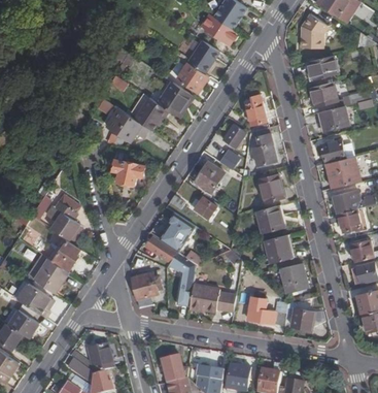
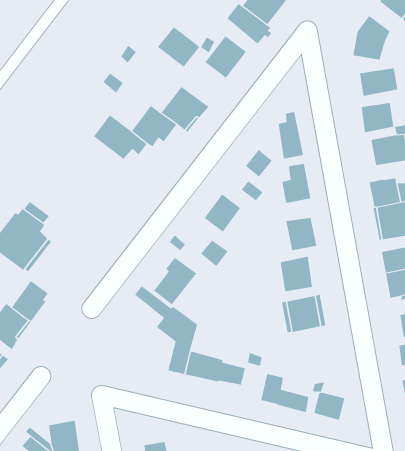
building: [175,61,208,92] -> [157,27,200,67]
building: [112,158,144,184] -> none
building: [279,262,308,293] -> none
building: [130,271,162,307] -> none

